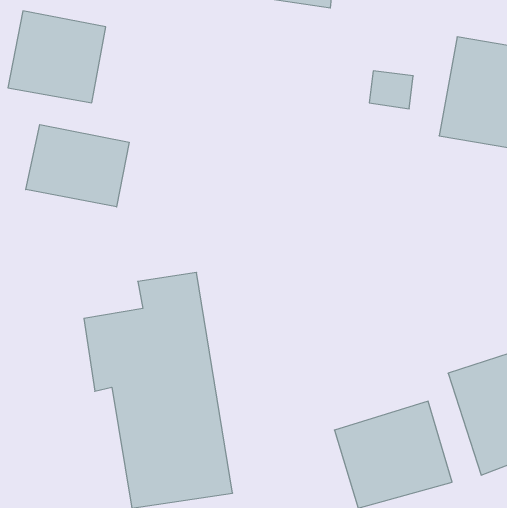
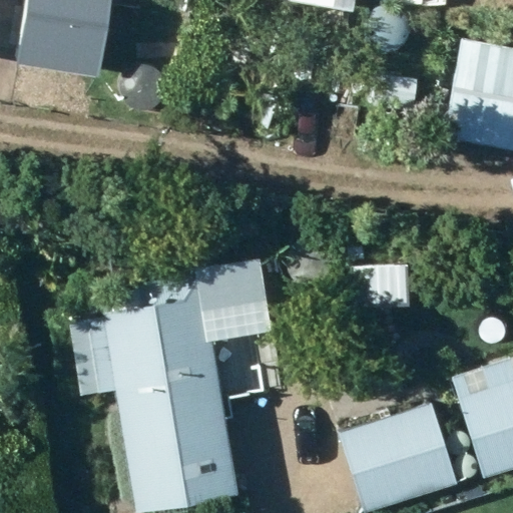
building: [26,125,129,207] -> none

